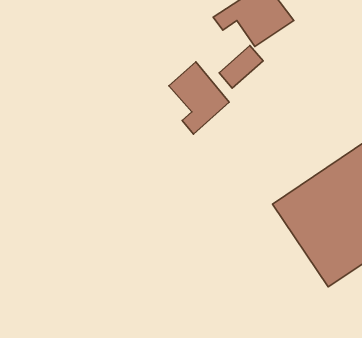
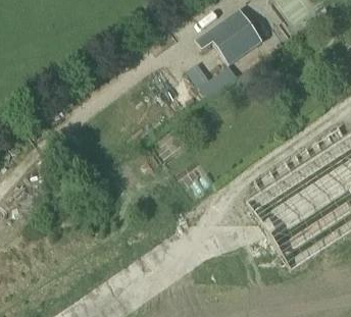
building: [169,62,229,134] -> none

